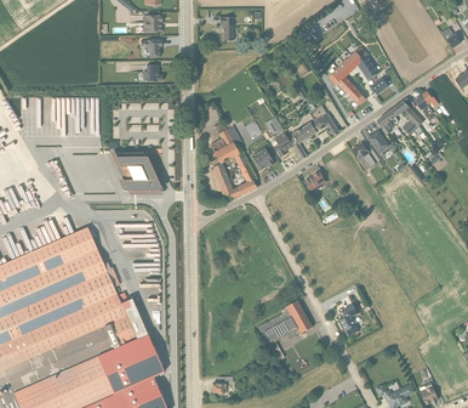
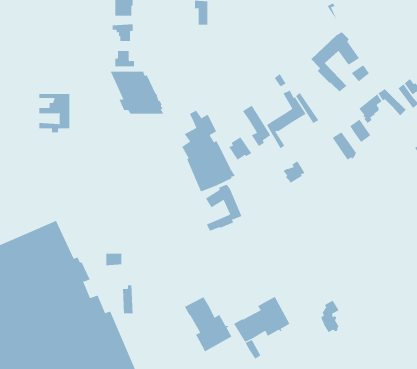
building: [110,152,162,193] -> [110,71,164,114]
building: none -> [205,184,242,232]
building: none -> [184,297,232,352]

